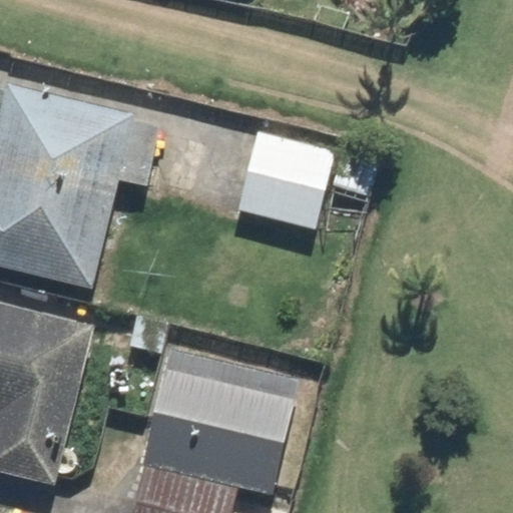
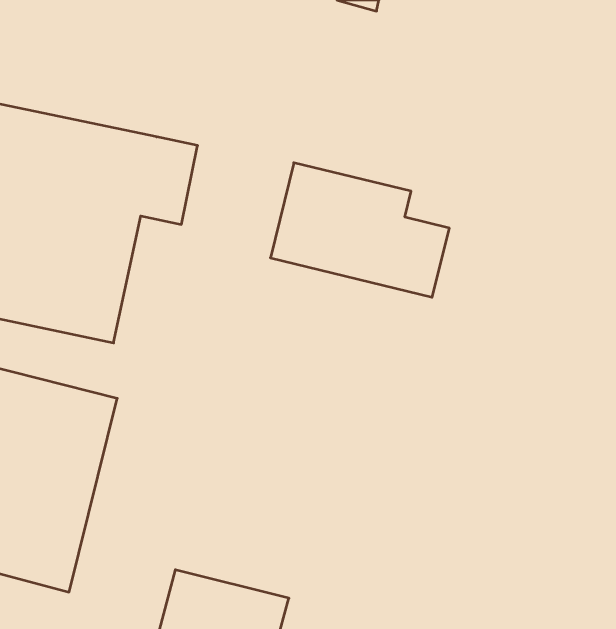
building: [140,348,299,493] -> none

